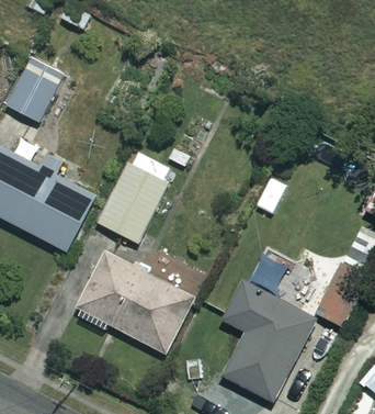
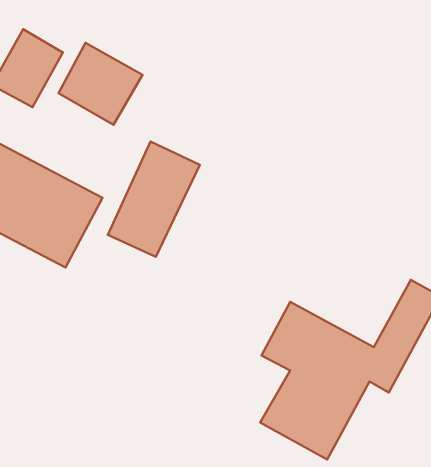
building: none -> [58,43,143,125]
building: [79,249,193,353] -> none

